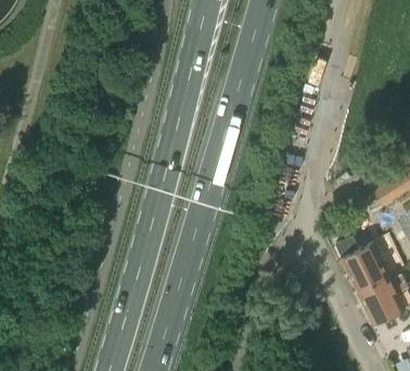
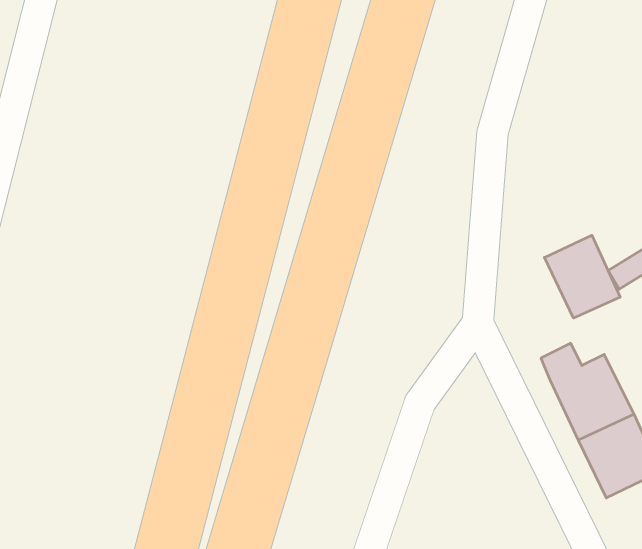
building: none -> [544,235,620,318]

